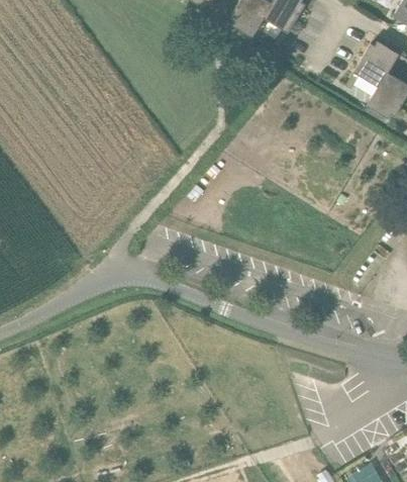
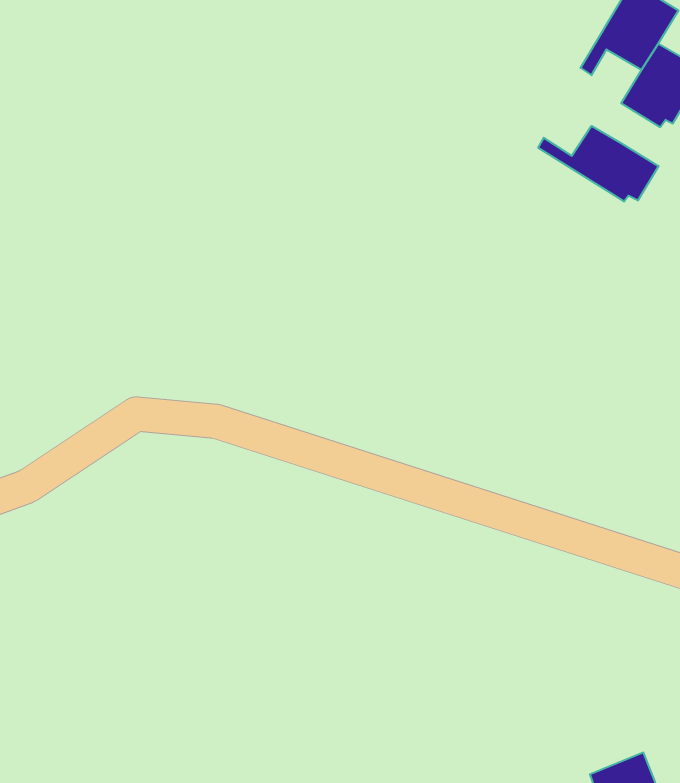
building: none -> [538,126,659,202]

